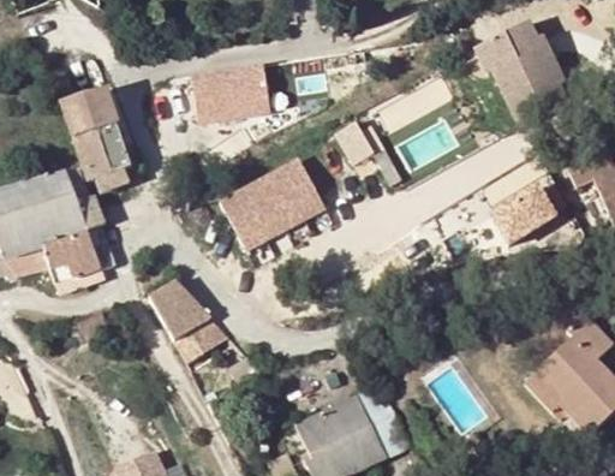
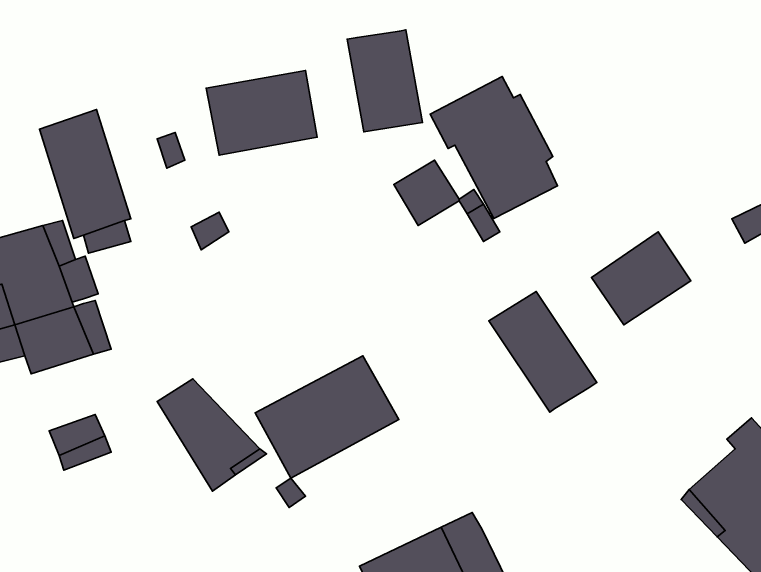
building: [477,19,571,124] -> [430,77,558,219]
building: none -> [347,30,423,132]
building: [219,159,324,249] -> [255,356,399,478]
building: none -> [489,291,597,412]

